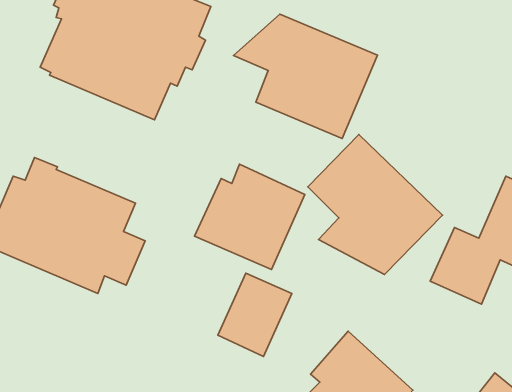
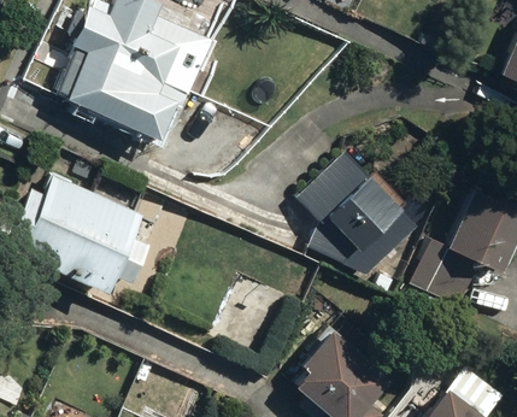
building: [233,14,377,139] -> none
building: [194,164,305,270] -> none

